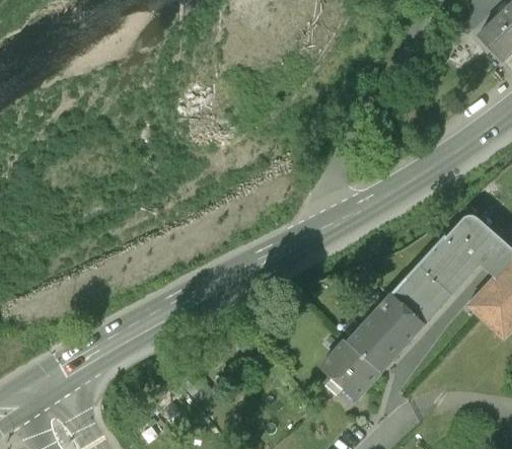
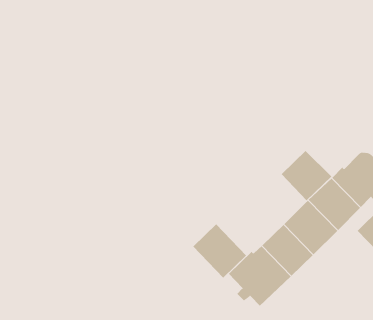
building: none -> [281,150,332,201]
building: none -> [192,223,247,279]

